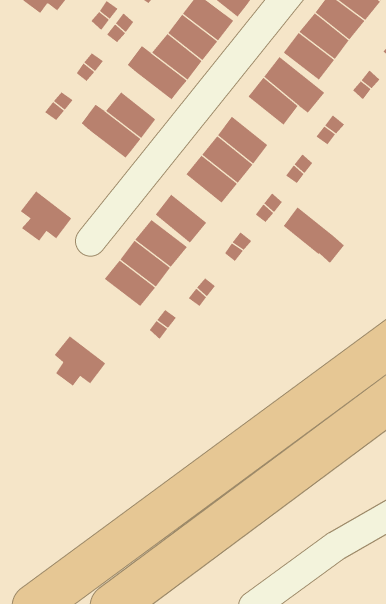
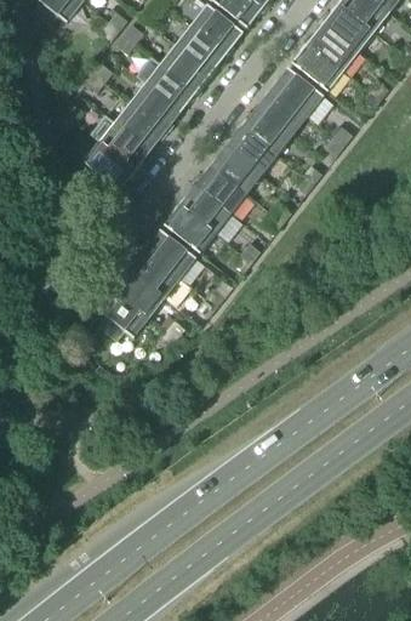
building: none -> [133,78,184,125]
building: none -> [244,102,296,150]
building: [20,190,72,242] -> [86,136,138,187]
building: [283,207,345,264] -> [183,180,245,237]
building: [54,335,106,386] -> [101,284,153,335]

